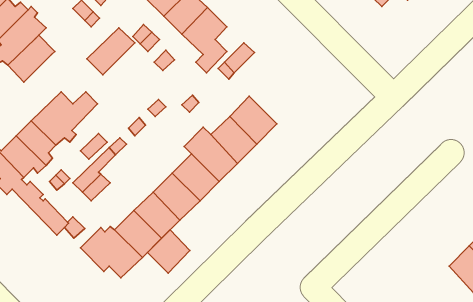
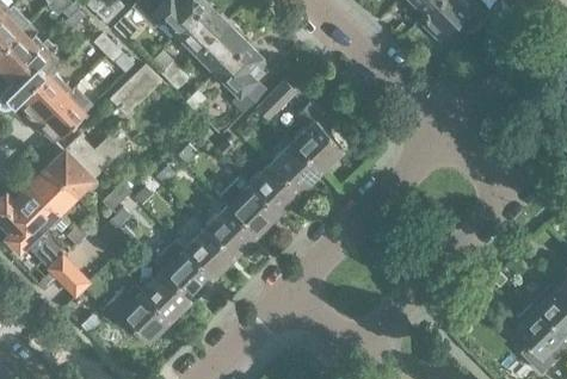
building: none -> [38,87,93,139]
building: none -> [290,104,344,172]
building: [147,230,190,273] -> none

